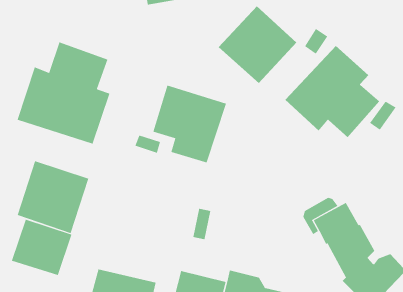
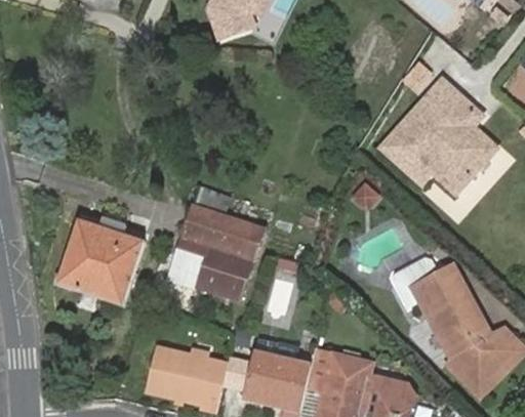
building: [218,5,297,84] -> none
building: [17,42,110,144] -> none
building: [152,85,227,163] -> [175,206,265,300]
building: [11,219,72,276] -> none

